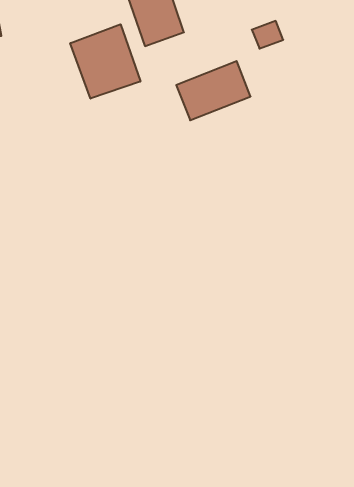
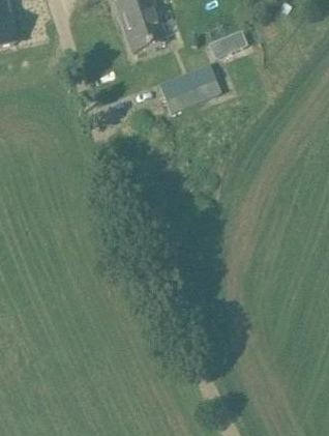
building: [70,24,140,99] -> none

